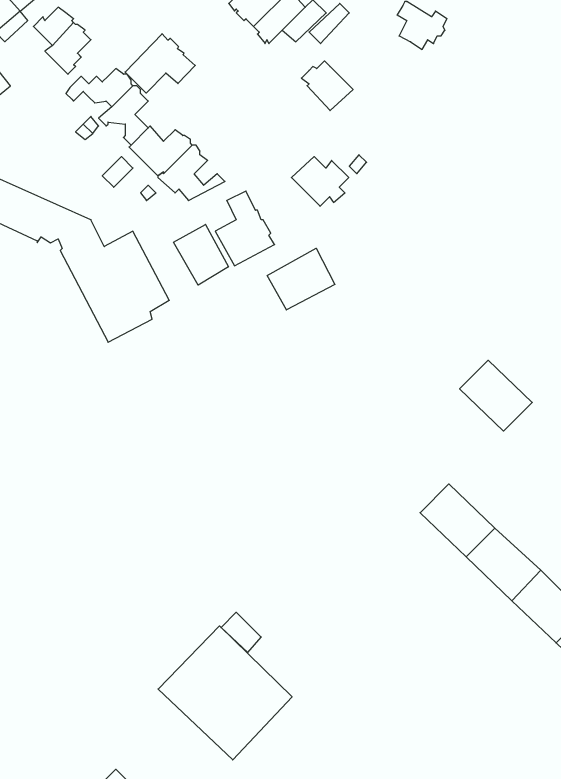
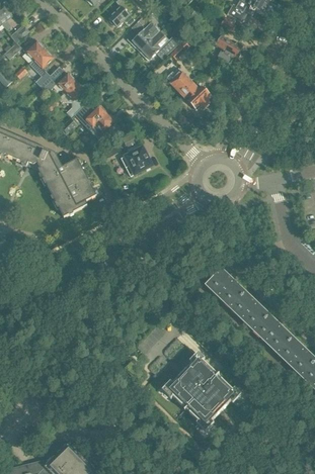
building: [125,34,195,93] -> none
building: [291,157,349,206] -> [181,83,212,109]
building: [174,224,228,285] -> none
building: [267,248,335,310] -> none
building: [460,360,532,431] -> [206,269,244,306]
building: [158,626,292,760] -> [166,355,237,425]

